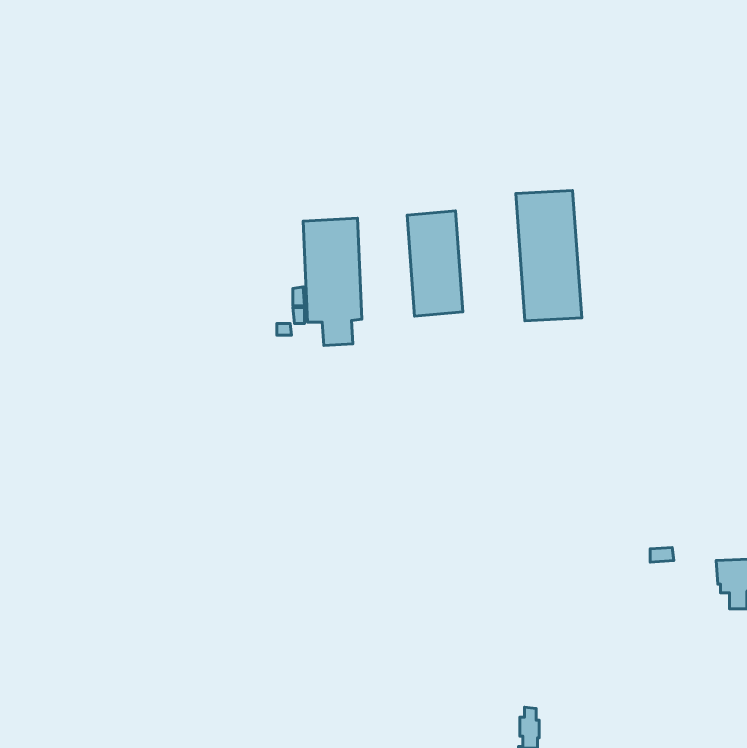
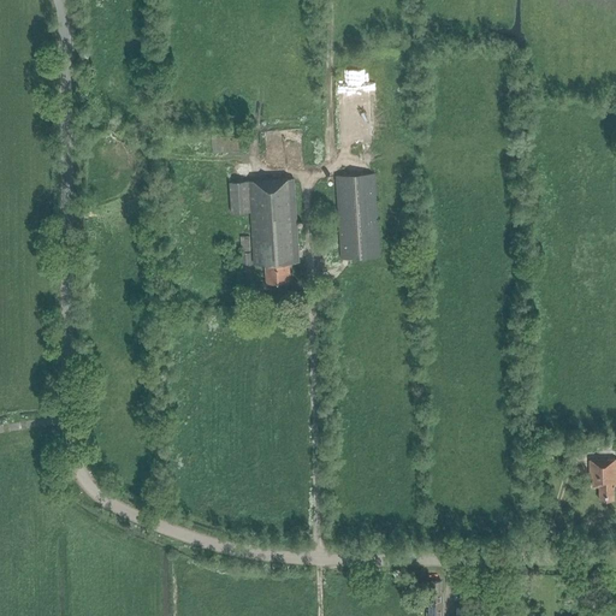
building: [516,191,582,321] -> none
building: none -> [231,182,250,213]

